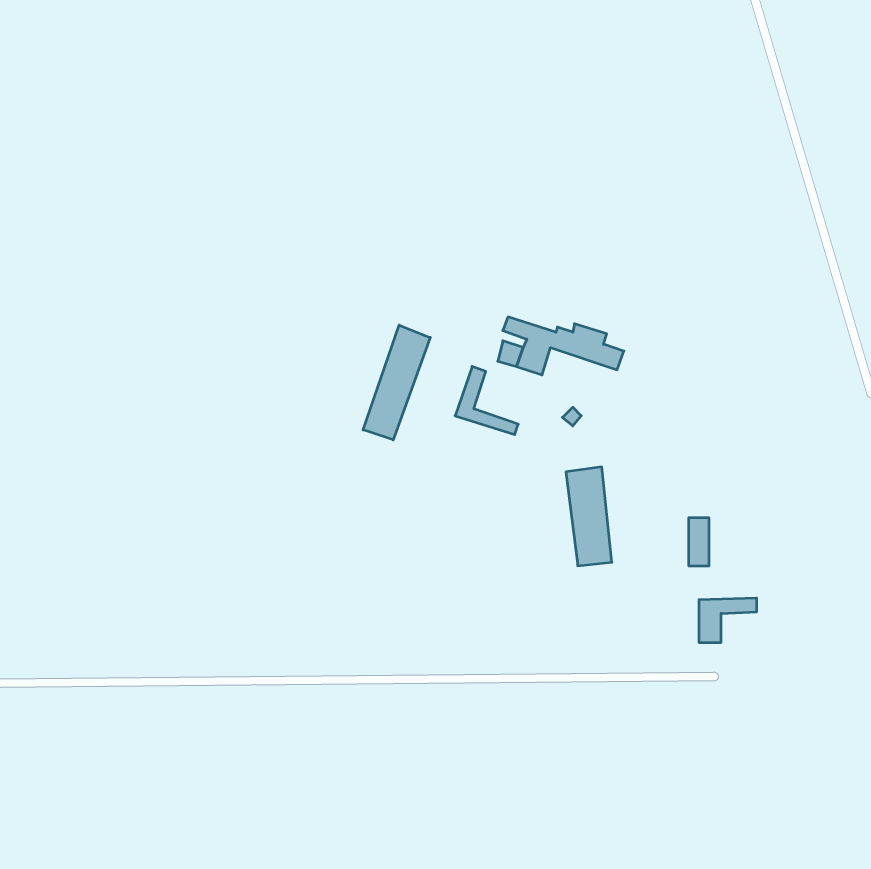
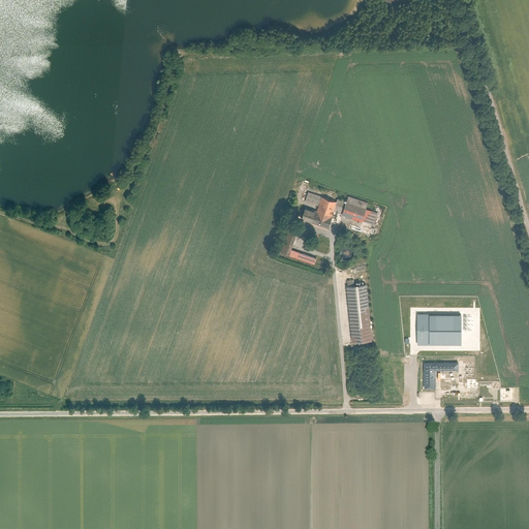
building: [363,325,430,440] -> none
building: none -> [430,315,461,344]

